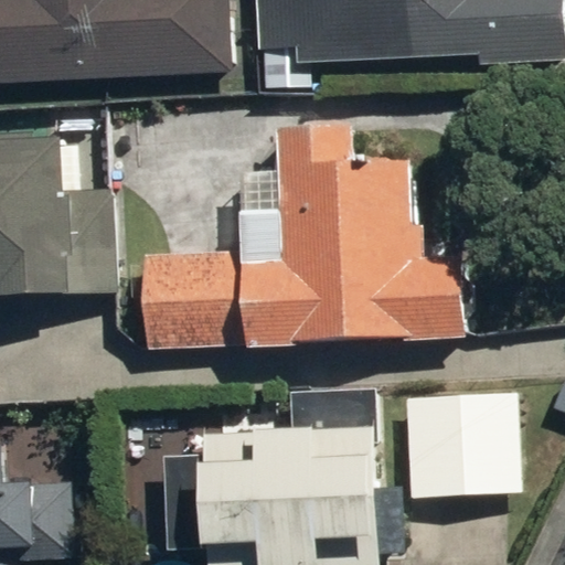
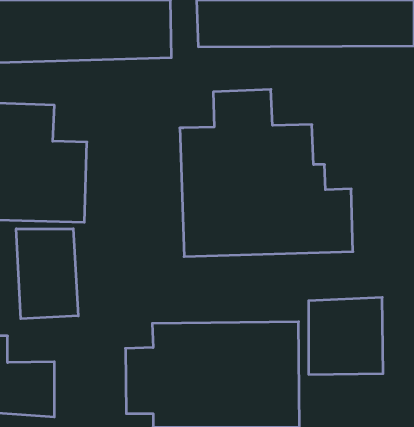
building: [140,243,232,349] -> none
building: none -> [16,229,78,319]

